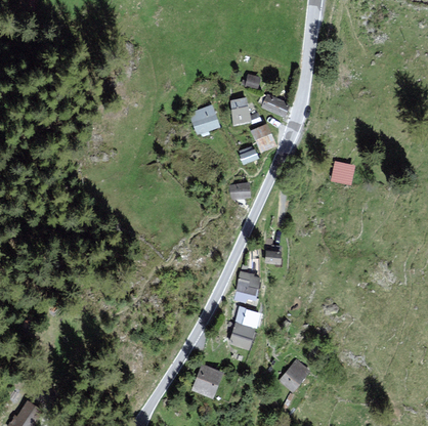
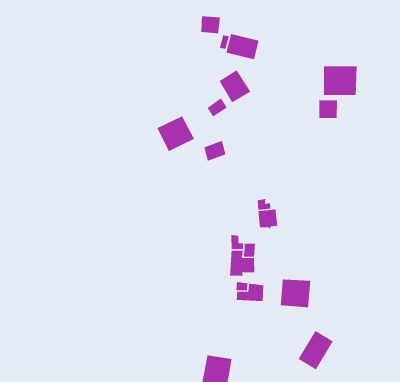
building: [230,97,252,126] -> none
building: [188,105,220,135] -> [156,115,195,152]
building: none -> [323,65,358,96]
building: [226,321,257,350] -> [280,278,311,308]

